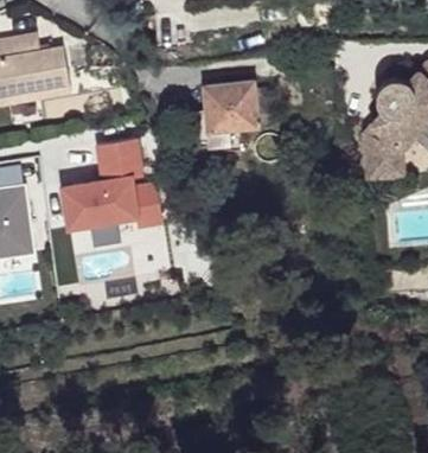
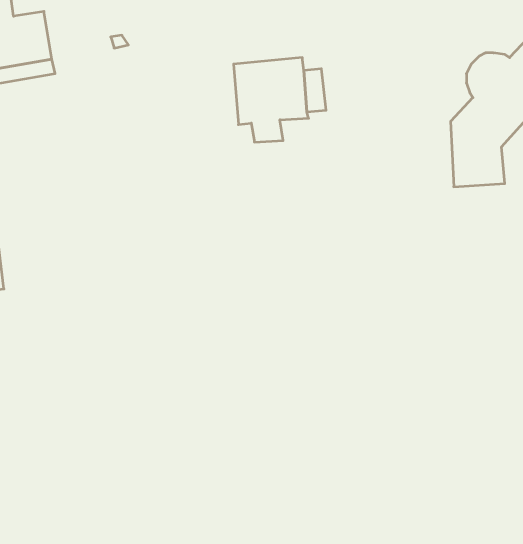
building: [62,139,162,226] -> none

